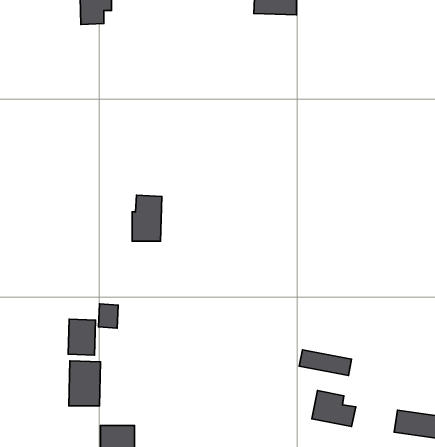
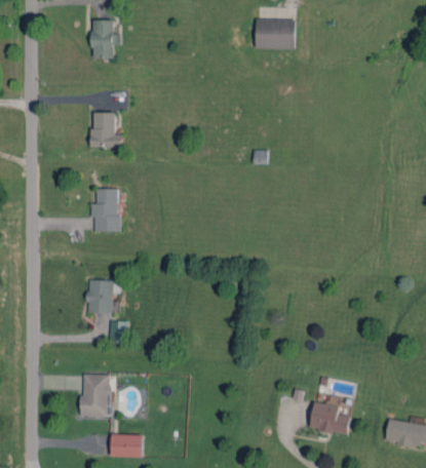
building: none -> [91,112,123,147]
building: [132,195,162,241] -> [92,188,120,231]
building: [68,319,96,355] -> [87,279,113,313]
building: [299,350,352,376] -> none

